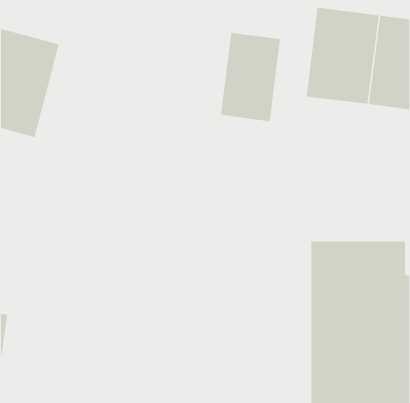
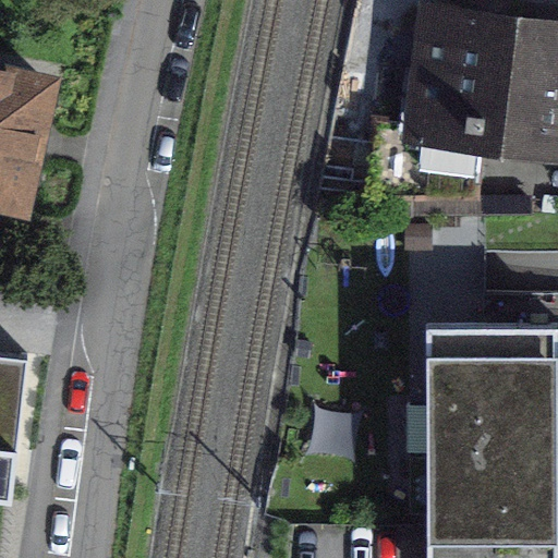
building: [220,32,281,122] -> none

